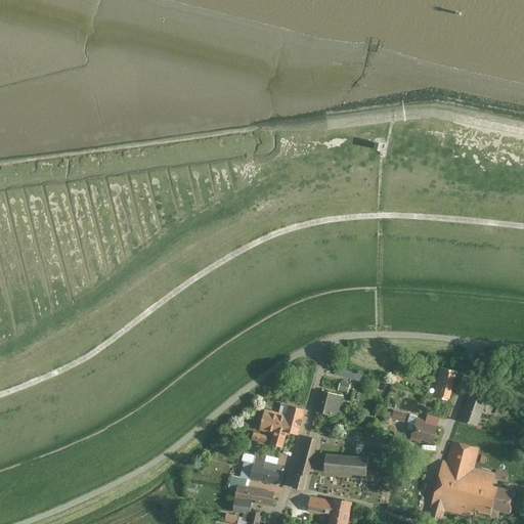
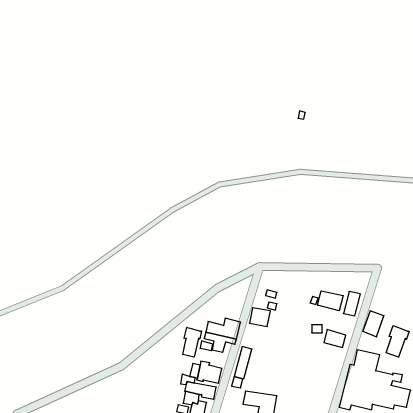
building: none -> [318,291,343,311]
building: none -> [386,326,409,357]
building: none -> [183,327,201,357]
building: [323,452,367,474] -> none

